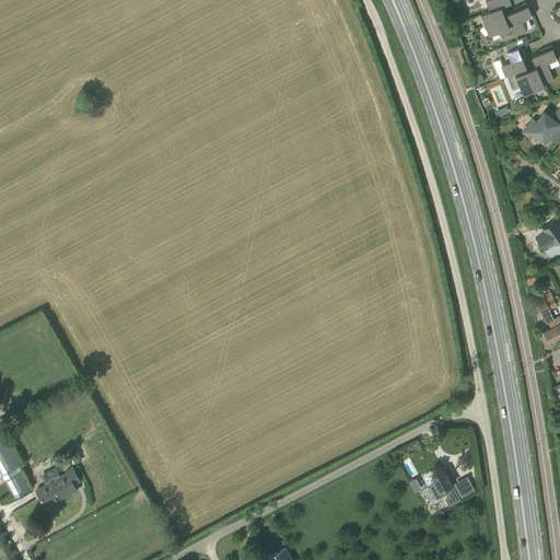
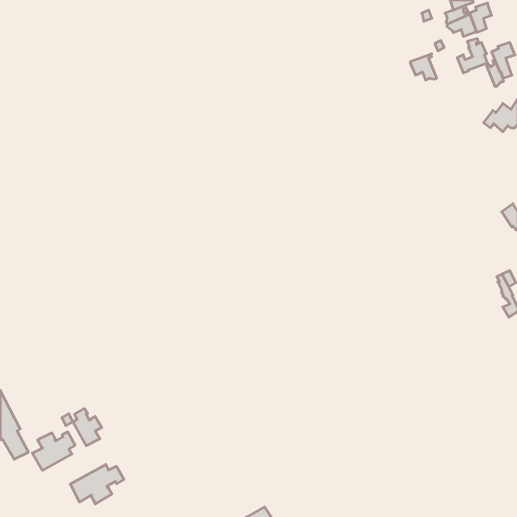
building: [506,68,535,96] -> [410,54,437,80]
building: none -> [73,409,102,446]
building: [431,471,462,506] -> none
building: none -> [70,464,124,504]

